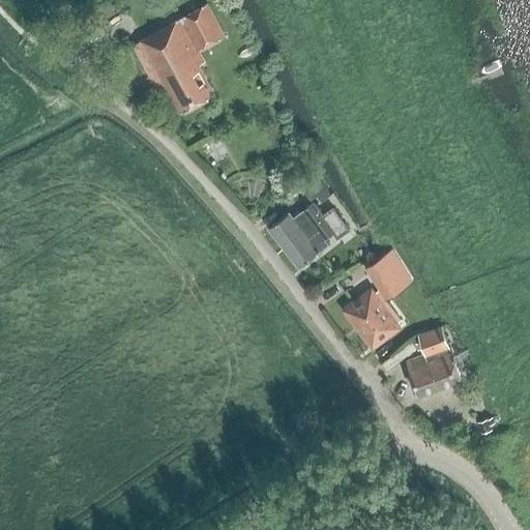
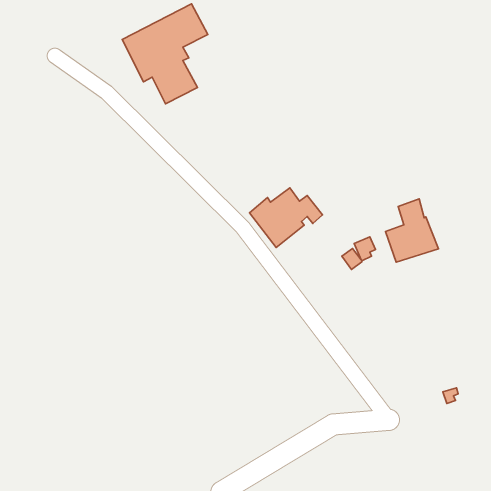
building: [344,289,399,347] -> none
building: [405,328,462,396] -> [386,199,439,262]

